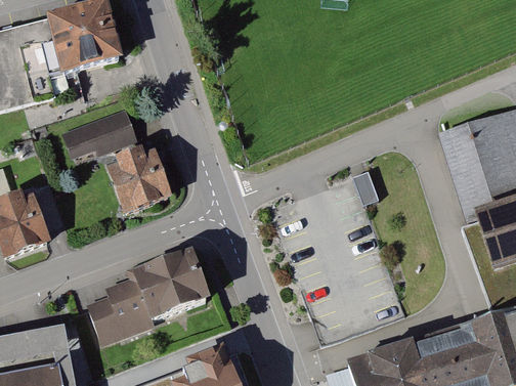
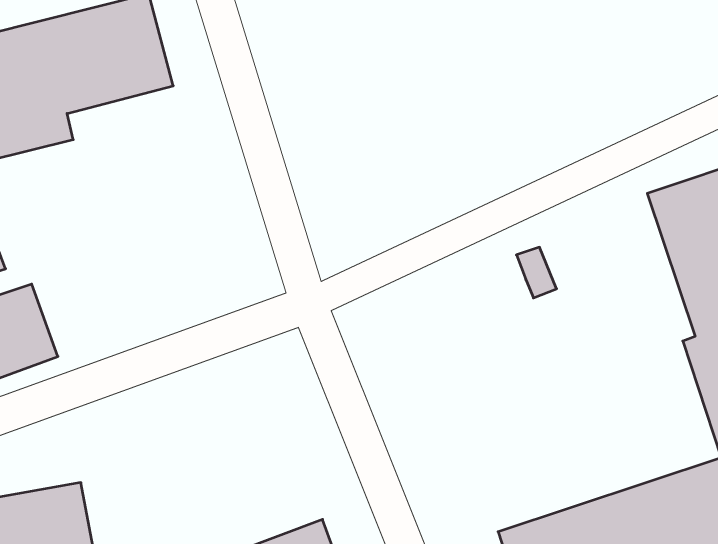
building: [58,103,140,166] -> none
building: [104,146,165,206] -> none
building: [87,249,212,338] -> none

